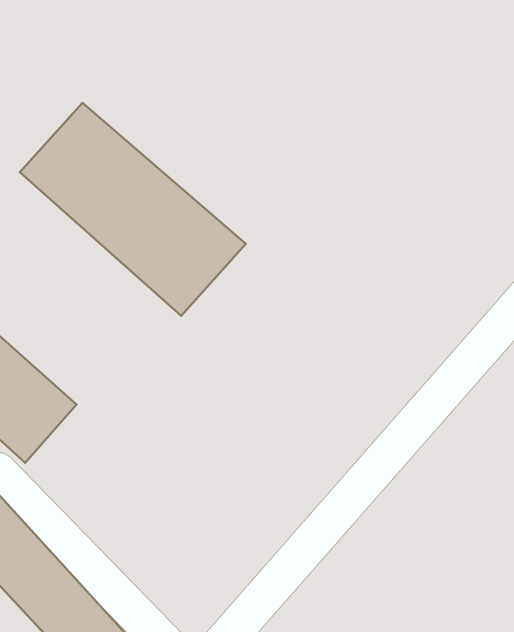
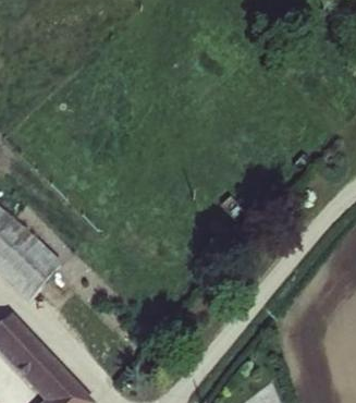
building: [20,103,246,316] -> none

